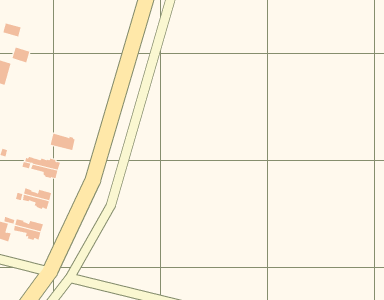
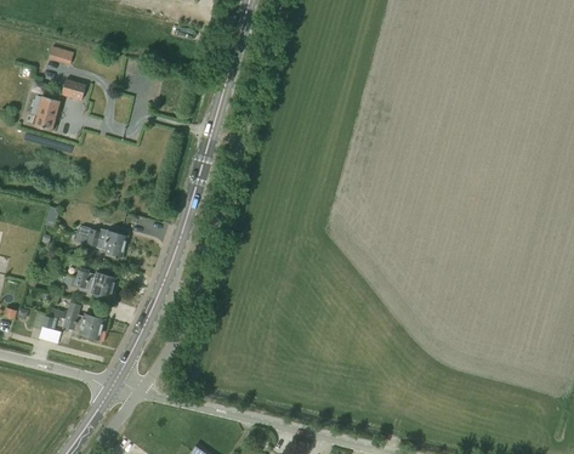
building: [50,133,75,151] -> none

